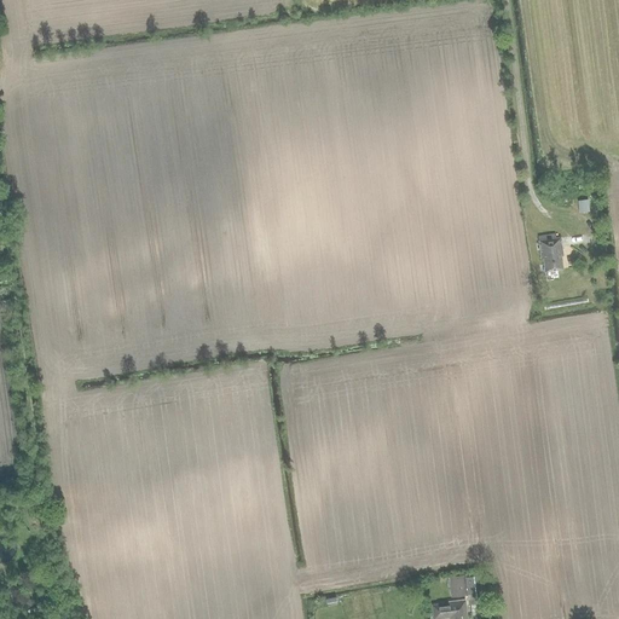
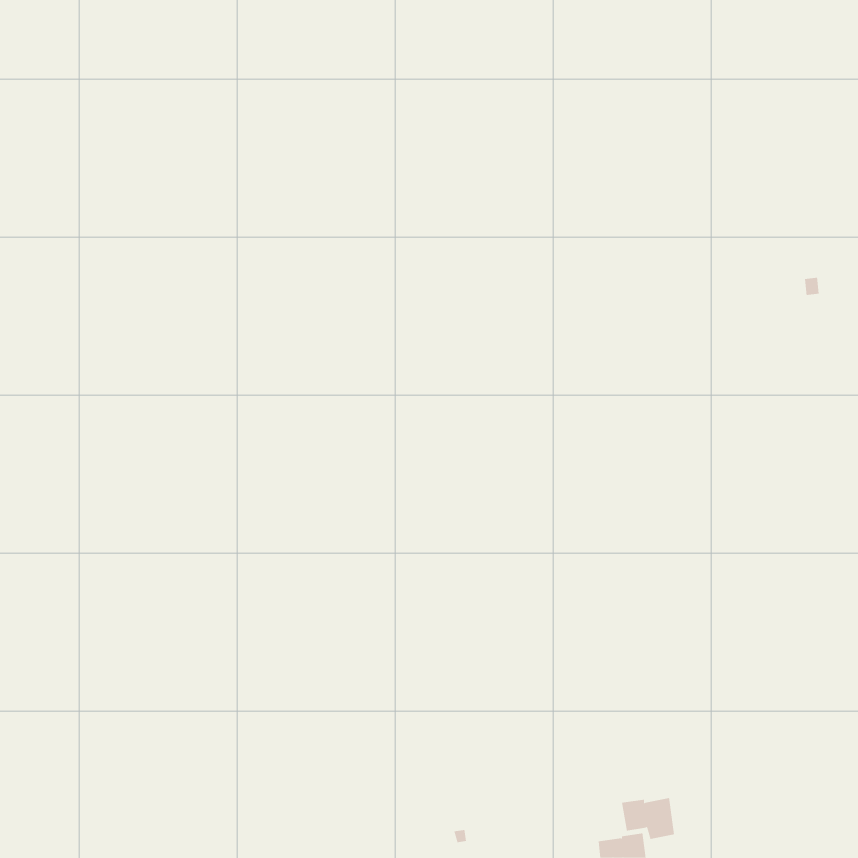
building: [538,238,562,272] -> none

